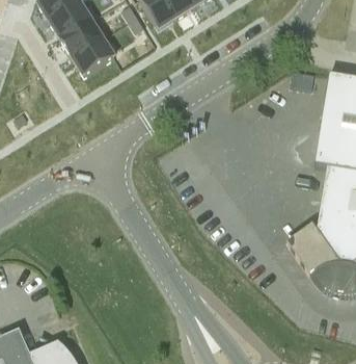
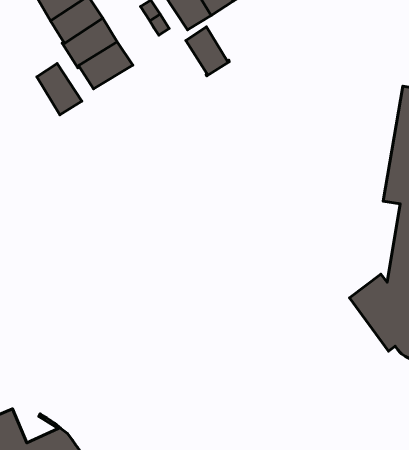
building: none -> [186,27,229,76]
building: none -> [37,64,82,115]

